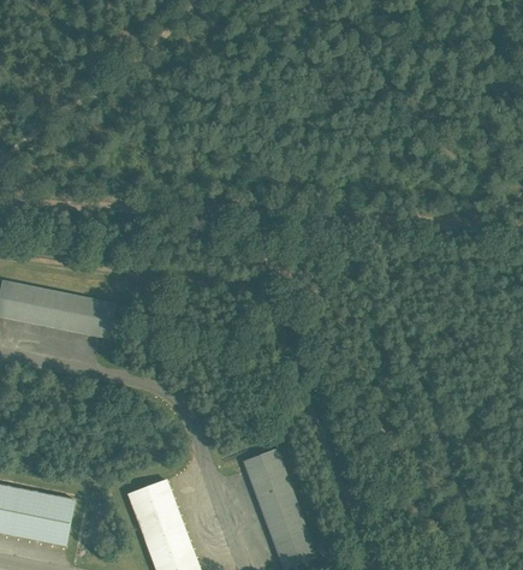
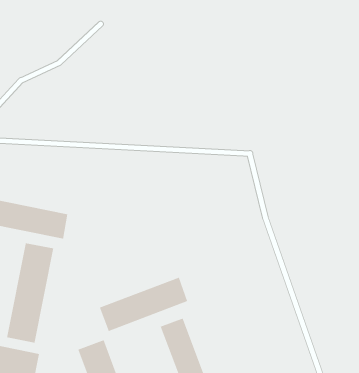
building: none -> [6,242,54,343]
building: none -> [99,277,188,332]

